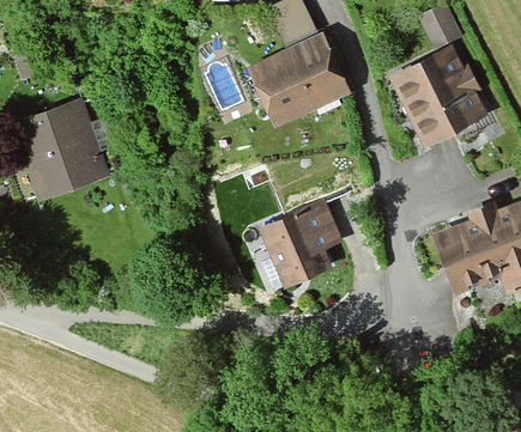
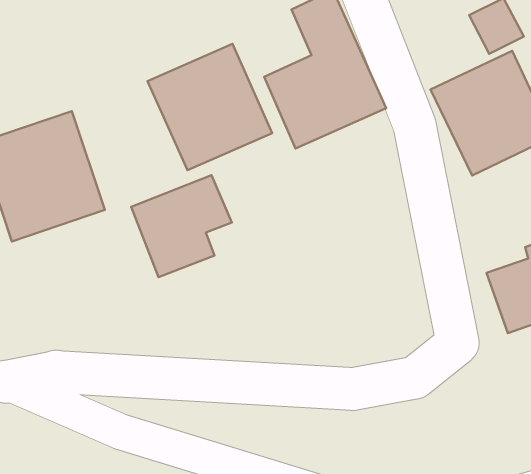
building: none -> [148,44,272,170]
building: [265,202,349,287] -> [131,175,232,277]

